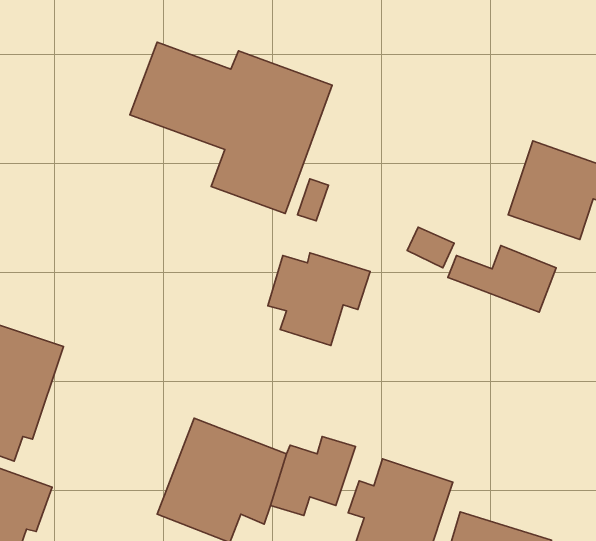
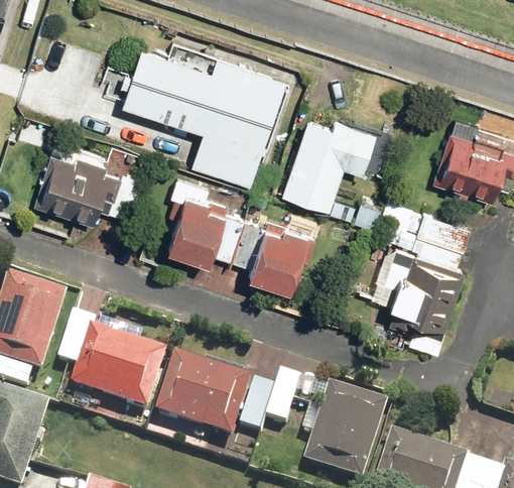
building: none -> [280,115,377,211]
building: none -> [38,141,139,225]
building: none -> [165,172,250,266]
building: none -> [372,240,467,353]
building: none -> [56,310,164,410]

